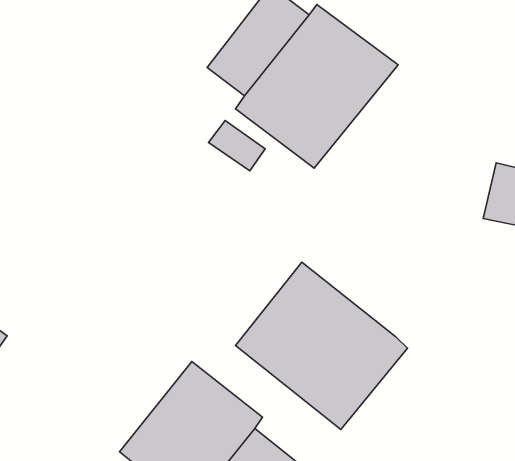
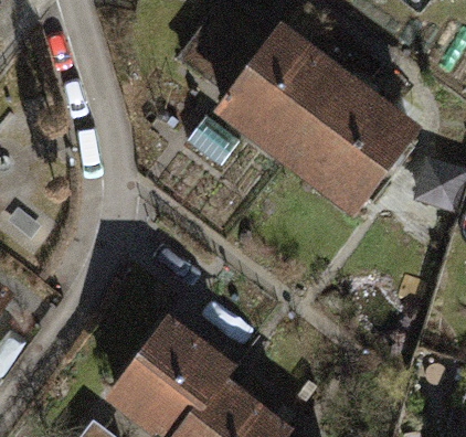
building: none -> [274,68,415,212]
building: [235,262,408,430] -> none

